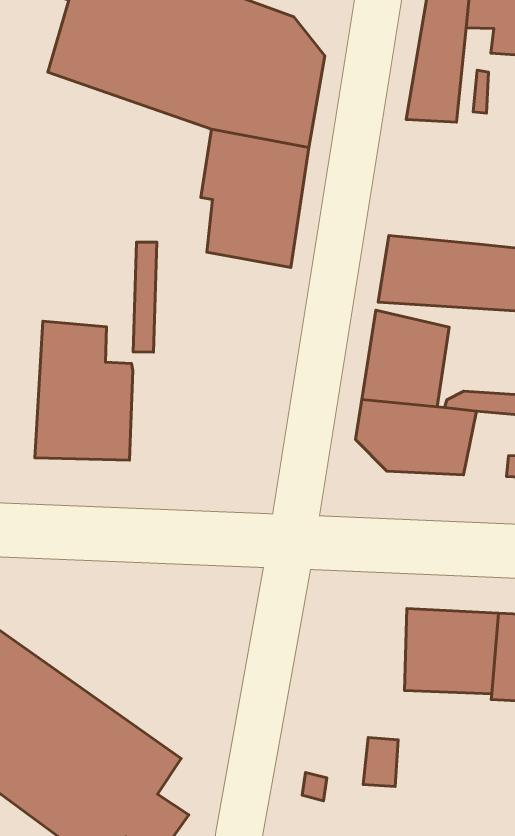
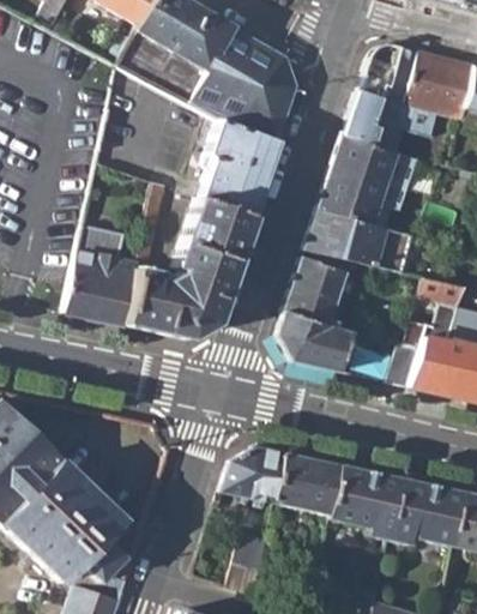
building: none -> [321,136,400,224]
building: none -> [128,198,254,339]
building: none -> [225,447,291,505]

